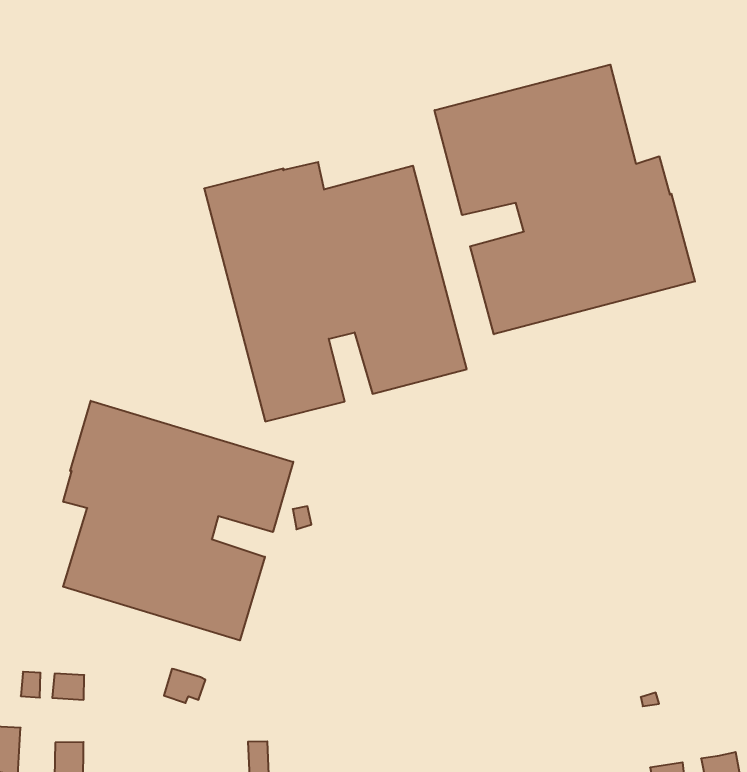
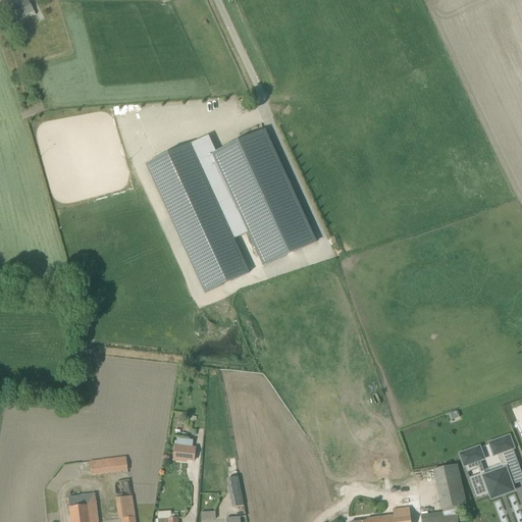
building: [435,65,695,334] -> none
building: [63,401,293,640] -> none

